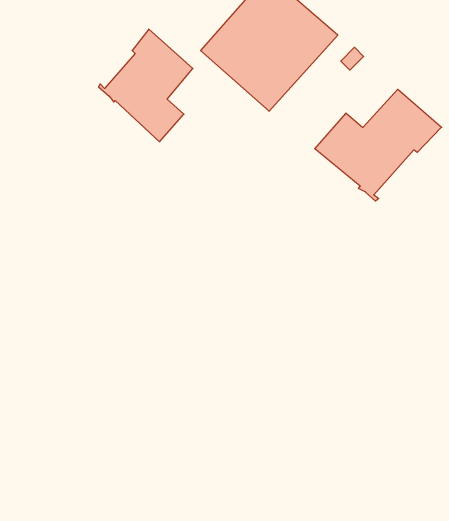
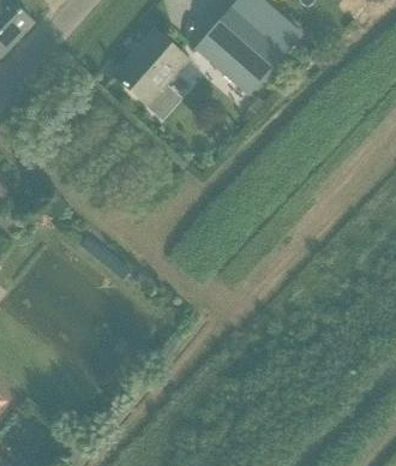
building: [315,89,442,201] -> none

